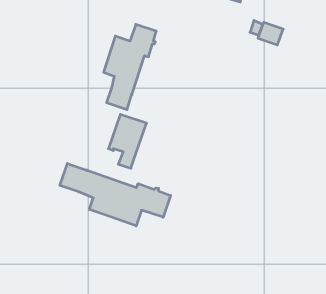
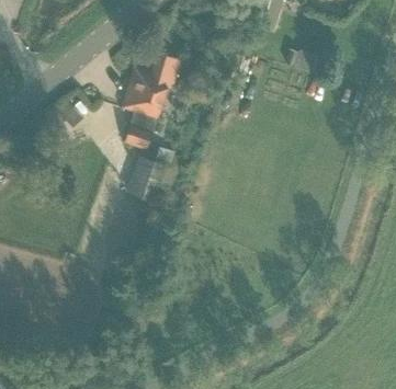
building: [60,163,171,226] -> none

